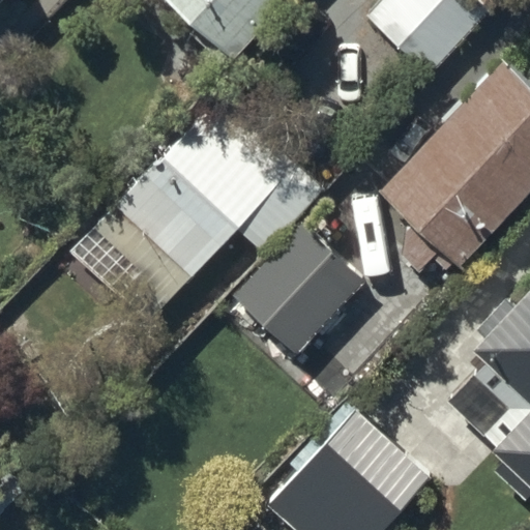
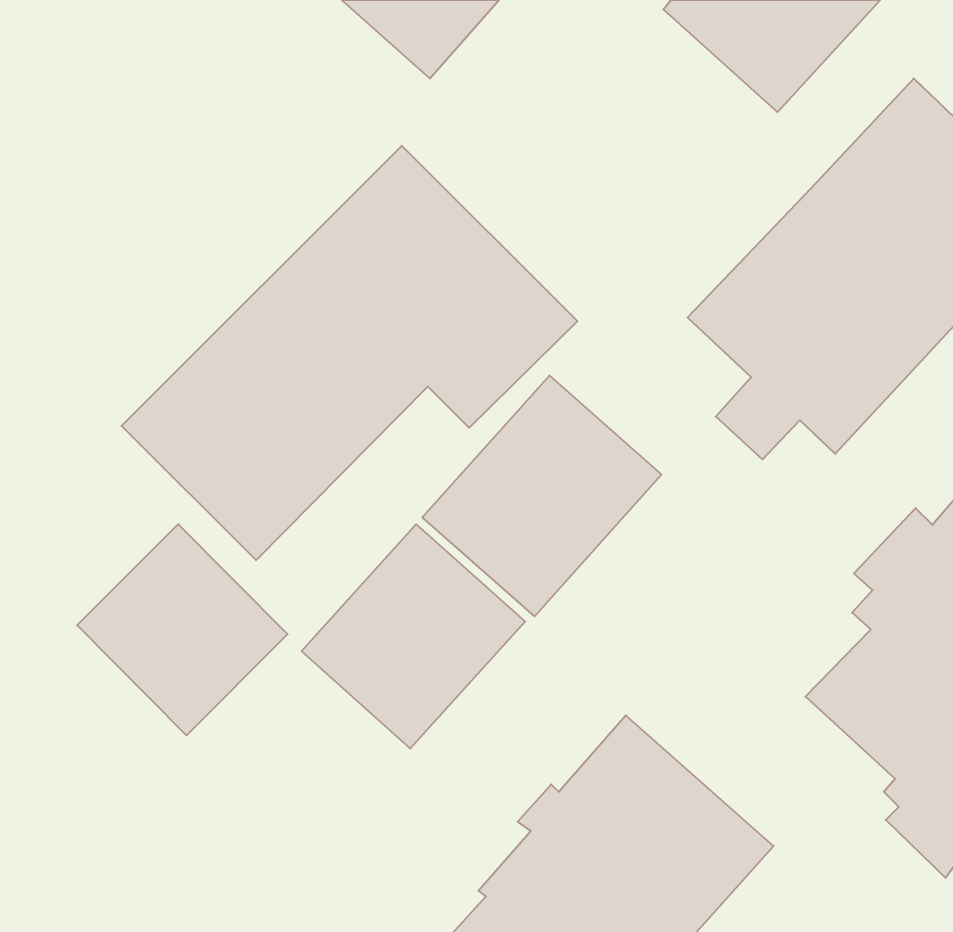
building: none -> [77,524,288,735]
building: none -> [302,524,525,749]

